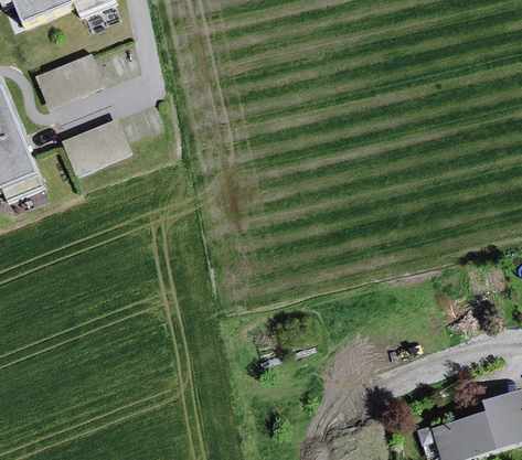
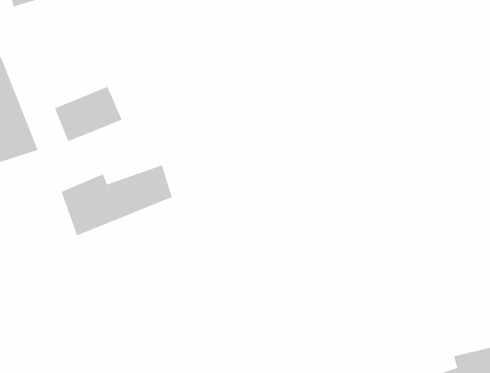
building: [34,53,106,110] -> none
building: none -> [61,165,173,236]

